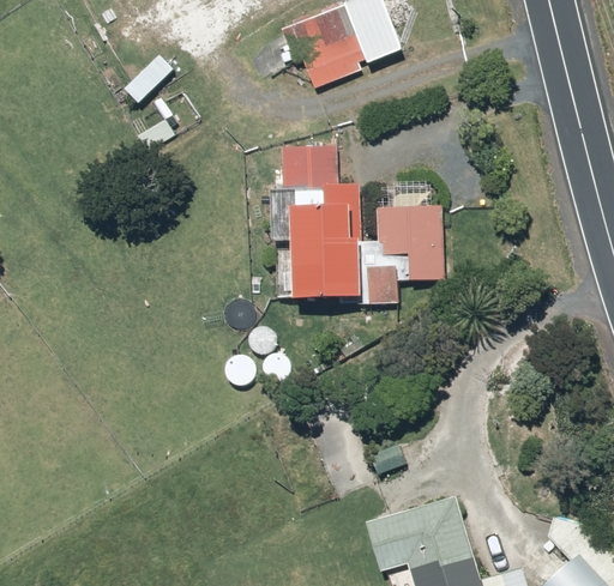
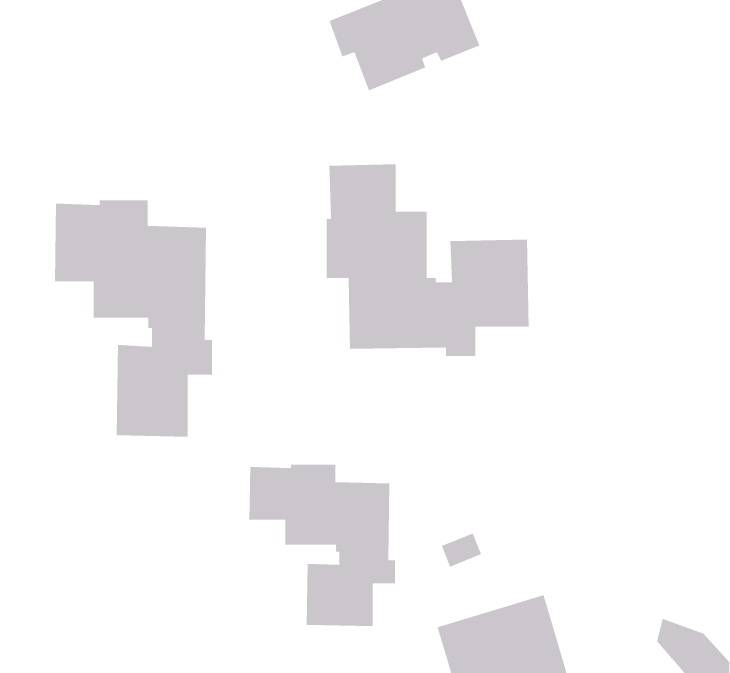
building: none -> [54,199,213,437]
building: none -> [248,464,396,627]

